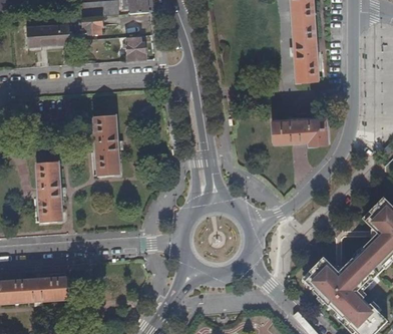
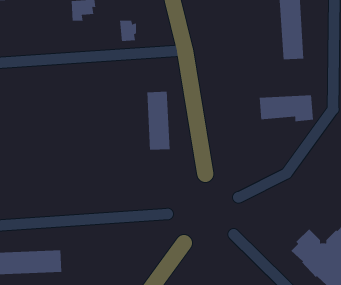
building: [27,25,69,47] -> none
building: [94,115,119,177] -> [146,91,171,150]
building: [36,162,63,223] -> none

